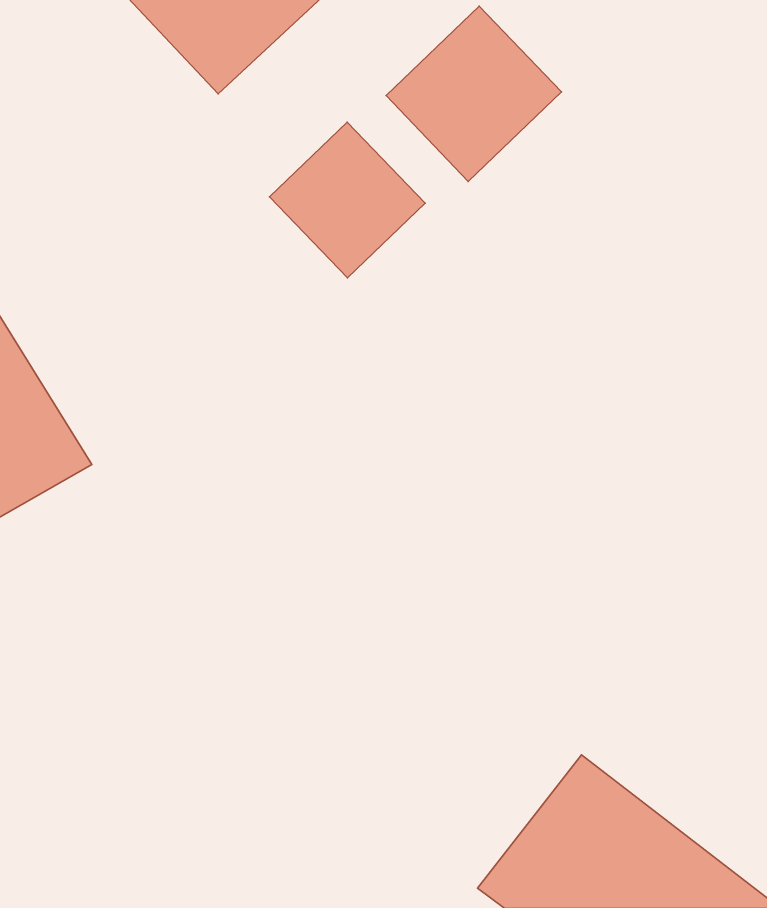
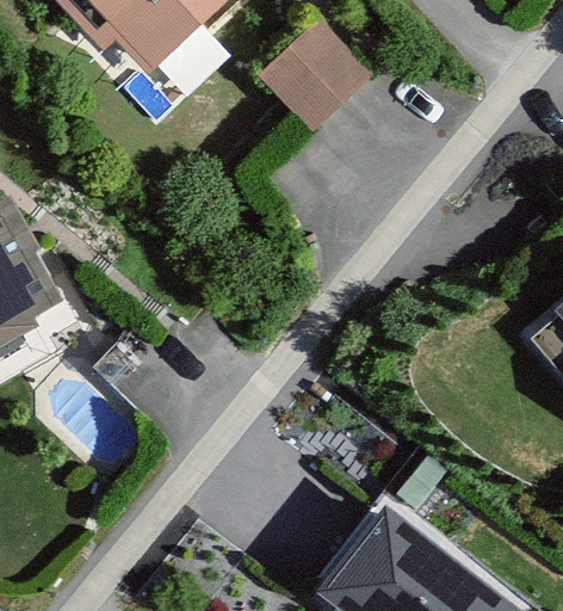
building: [269,122,425,278] -> none

